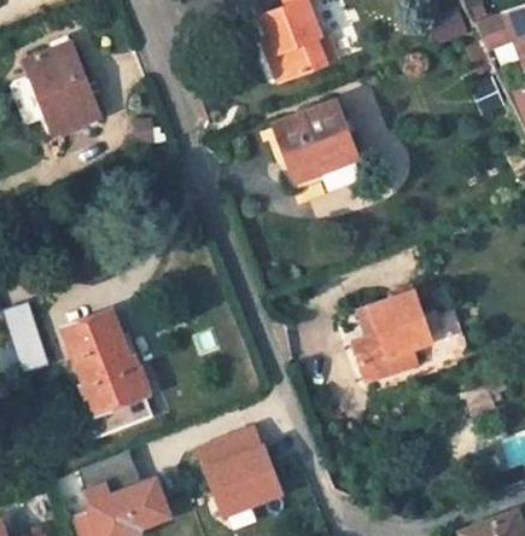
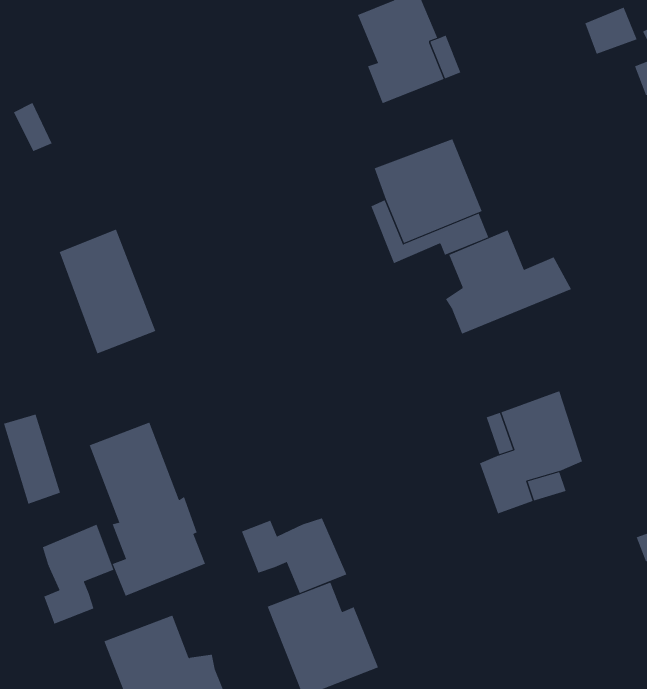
building: [28,43,99,135] -> [59,229,156,354]
building: none -> [445,230,572,335]
building: none -> [241,518,347,594]
building: none -> [42,524,114,624]

